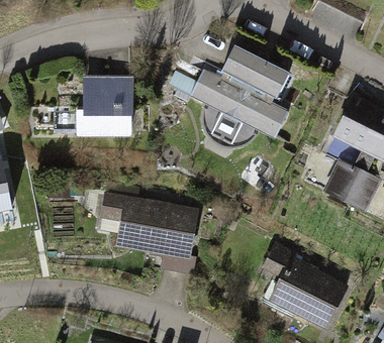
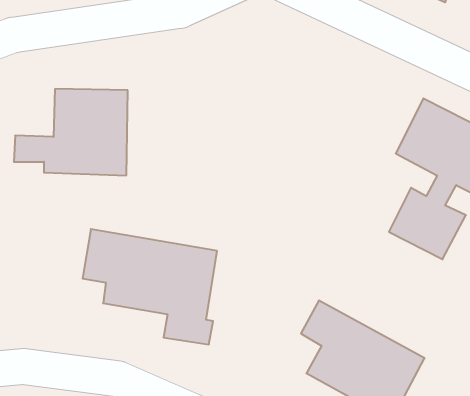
building: [185,50,290,156] -> none

